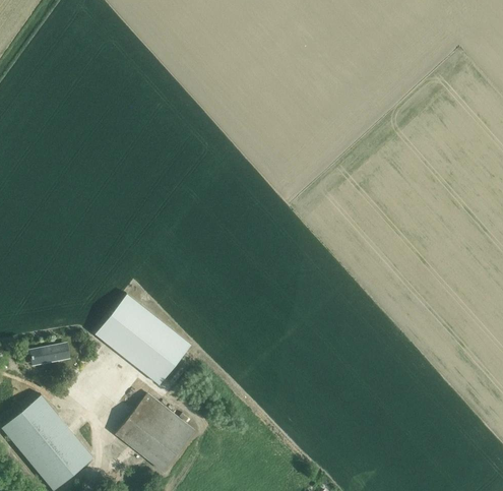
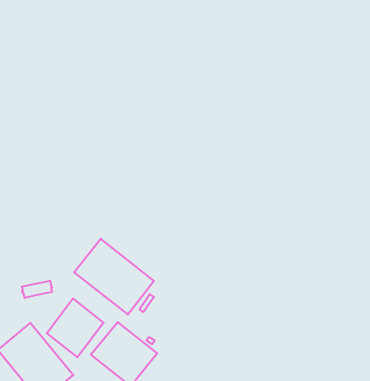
building: none -> [47,299,104,357]

